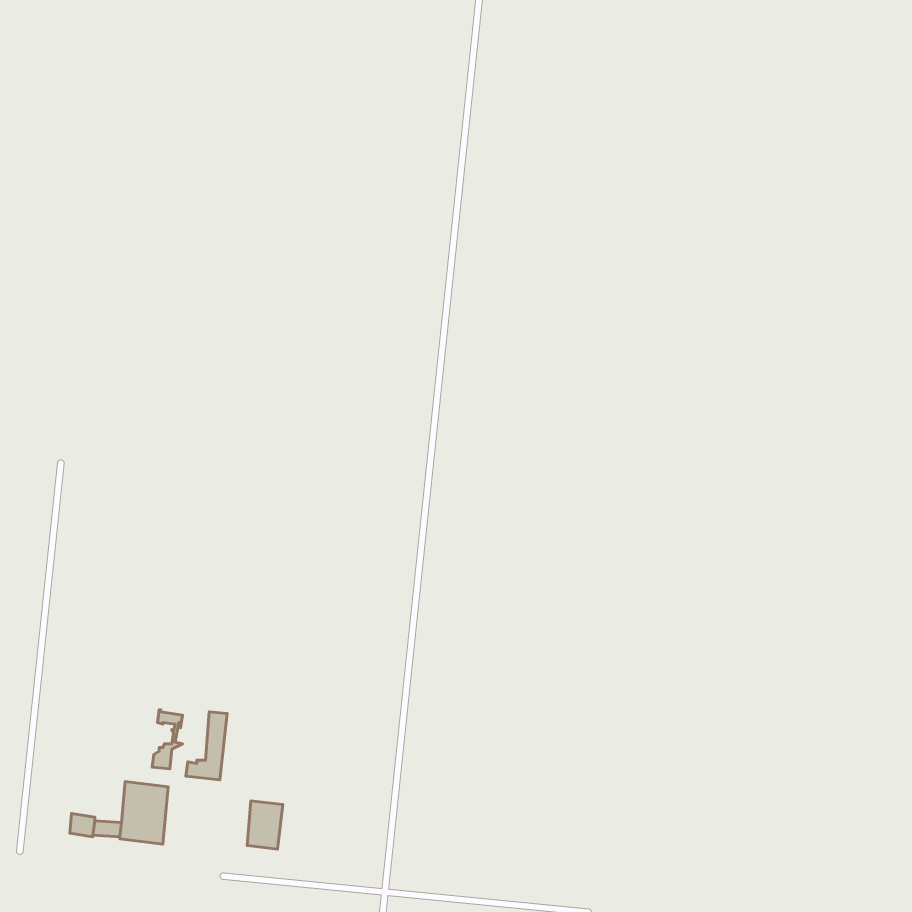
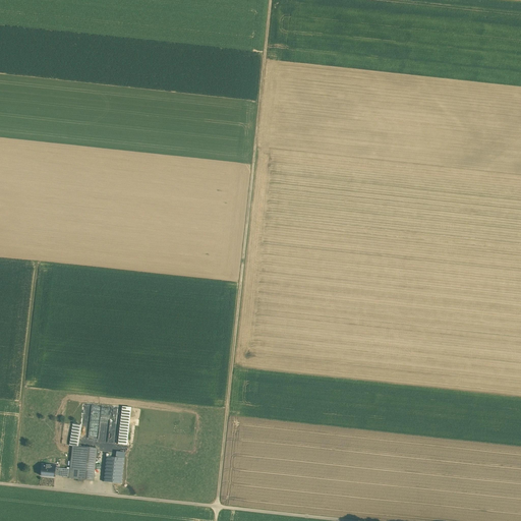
building: [247,801,283,849] -> [103,456,123,483]

